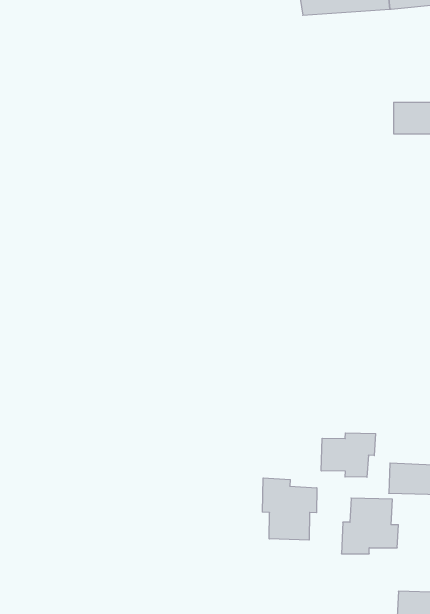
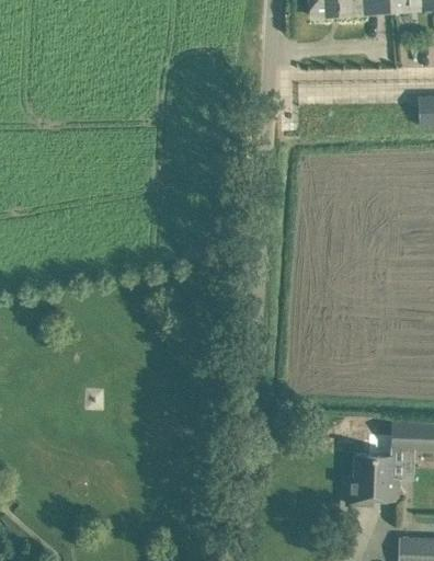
building: [321,433,376,477] -> none
building: [262,478,317,540] -> none

